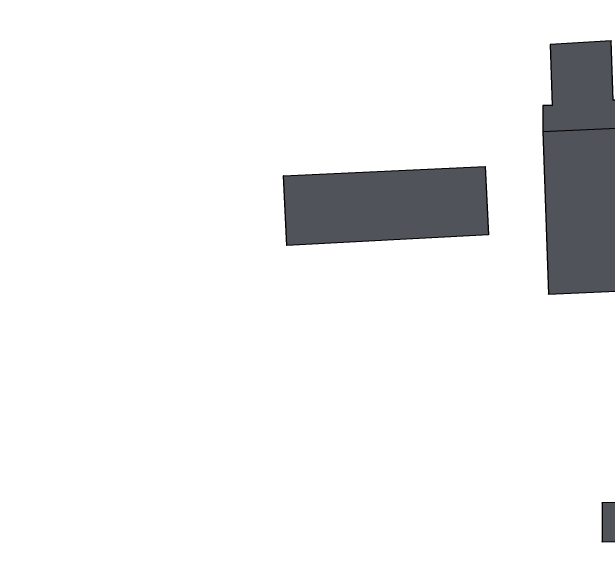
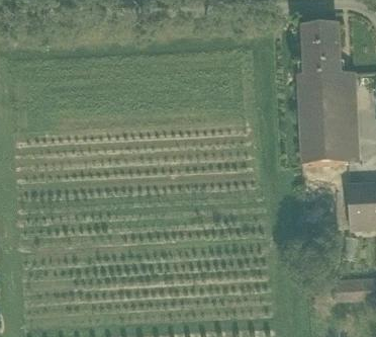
building: [284,167,488,245] -> none

